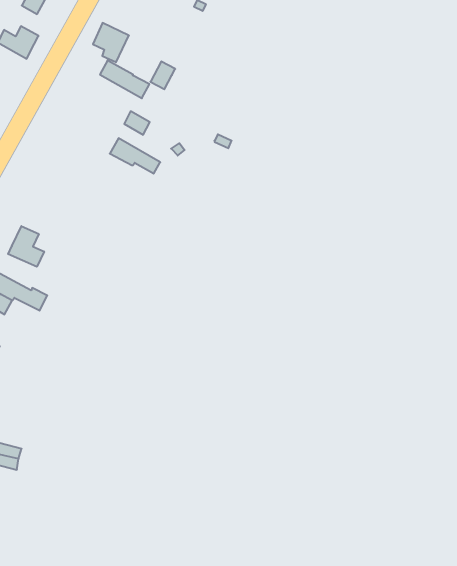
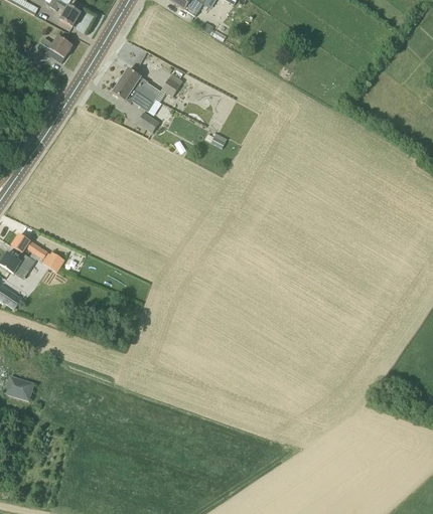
building: [110,138,160,174] -> [112,79,153,111]
building: [8,226,44,267] -> none

